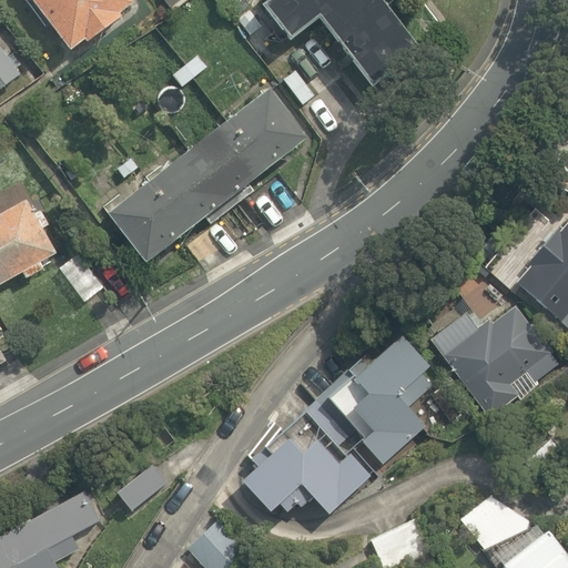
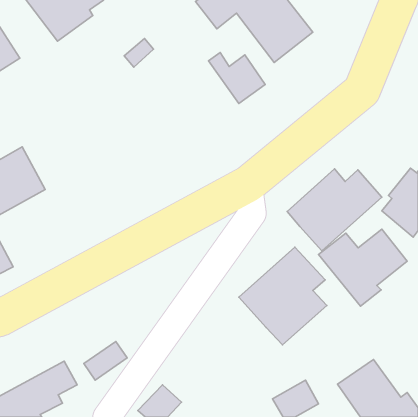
building: [103,87,308,264] -> none
building: none -> [287,169,382,251]
building: [245,394,371,518] -> none

